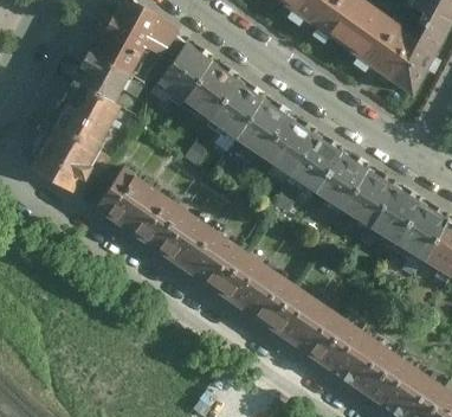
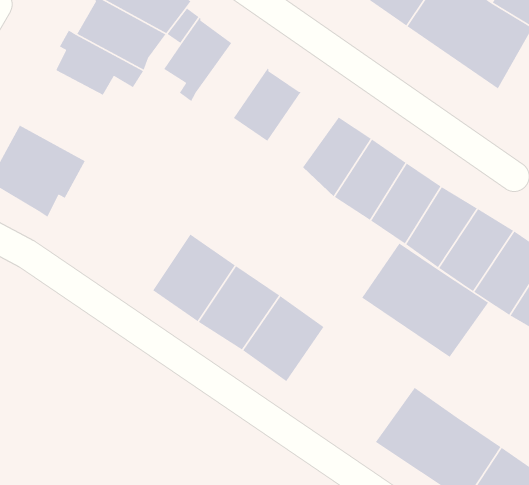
building: [185,60,238,117] -> none
building: [52,81,121,149] -> none
building: [238,97,291,162] -> none
building: [97,166,180,246] -> none
building: [252,274,348,360] -> [361,243,489,358]

